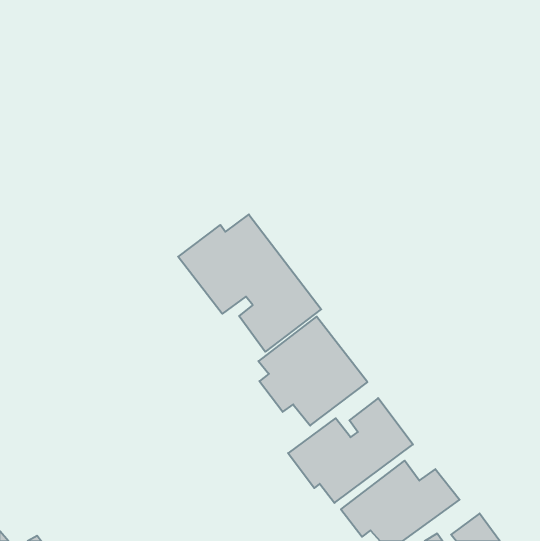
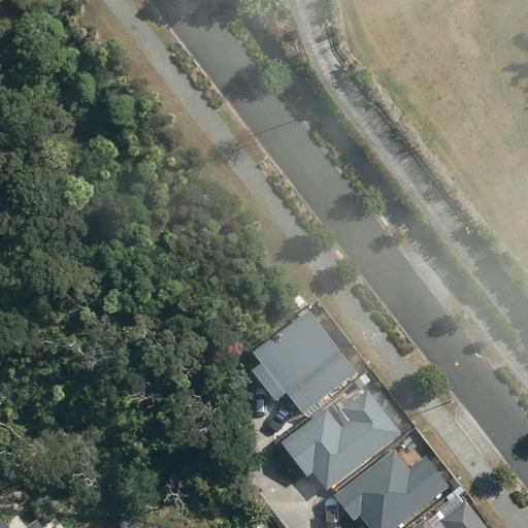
building: [178,214,321,352] -> none

